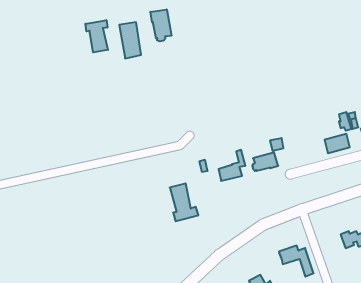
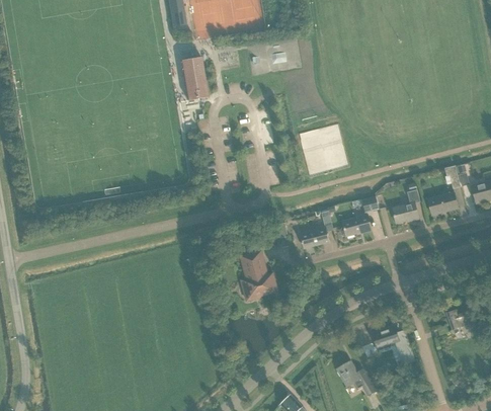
building: [150,9,171,41] -> none
building: [85,20,108,52] -> none
building: none -> [392,190,419,224]

